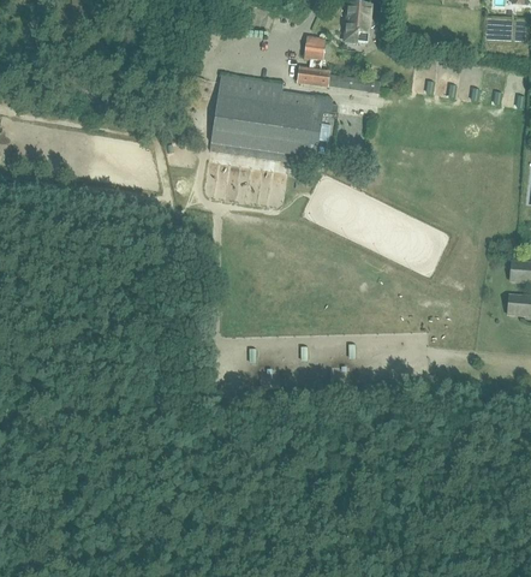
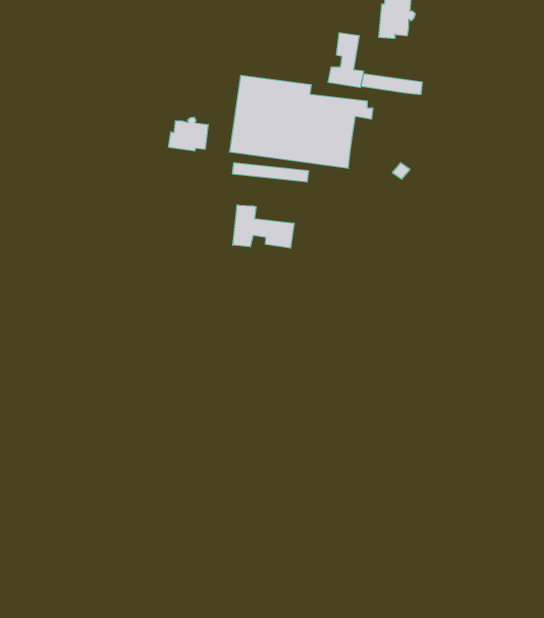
building: none -> [169,117,208,151]
building: none -> [233,205,294,248]

